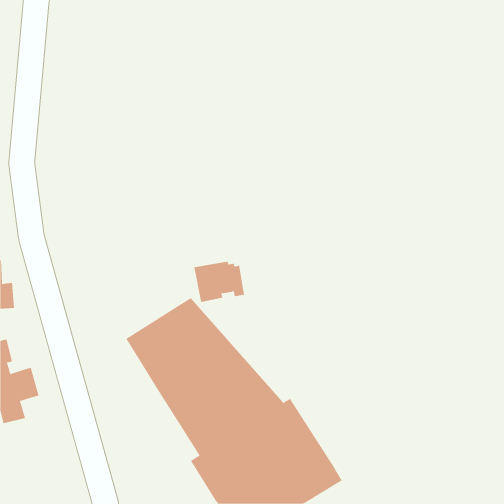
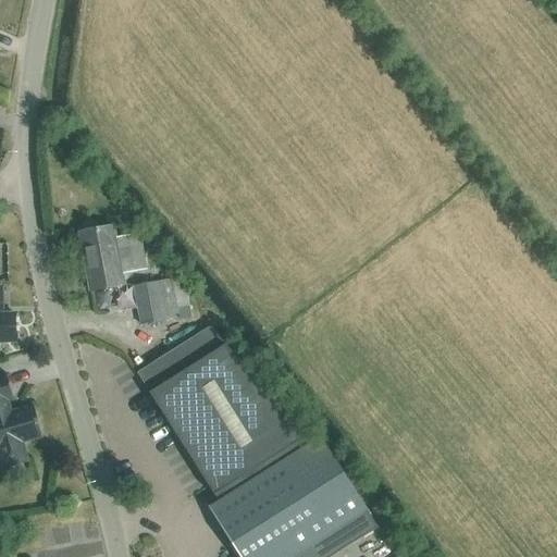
building: none -> [79,226,146,292]
building: [194,261,245,303] -> [133,280,189,325]

